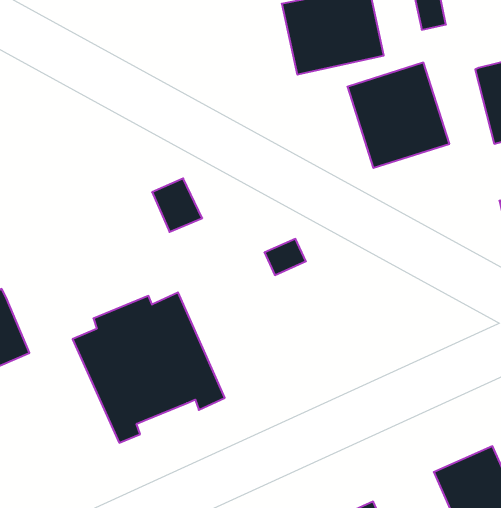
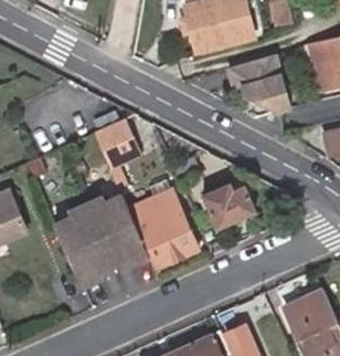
building: none -> [205,182,256,227]
building: none -> [129,188,196,268]

